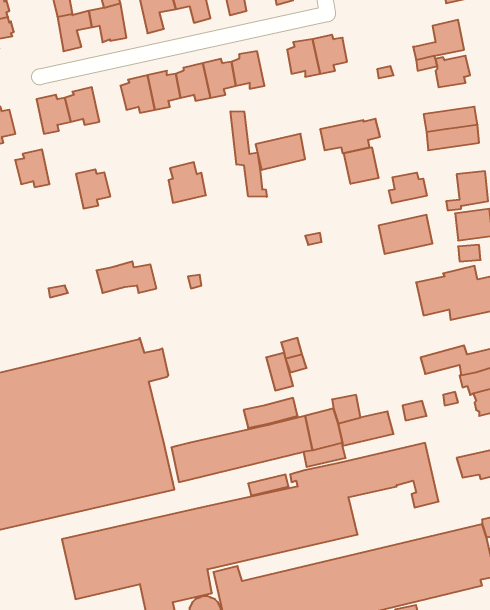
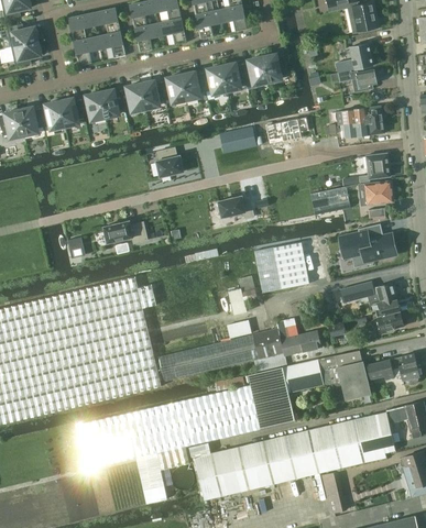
building: none -> [220,63,245,91]
building: [231,111,267,197] -> none
building: [344,147,379,184] -> none
building: [15,149,50,187] -> [39,101,64,129]
building: [76,169,110,208] -> [99,89,124,118]
building: [389,173,427,203] -> none
building: none -> [217,196,253,218]
building: none -> [254,242,307,293]
building: none -> [343,350,371,396]

